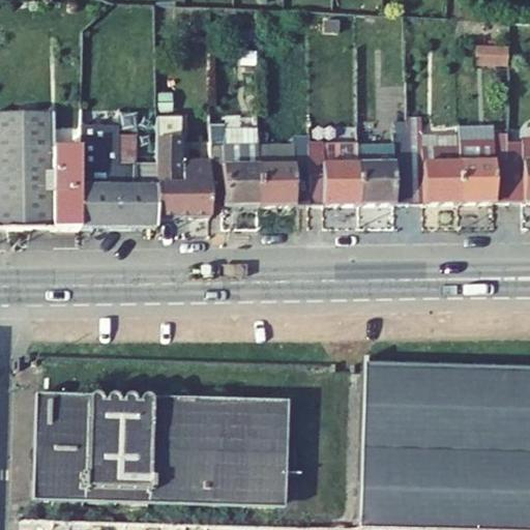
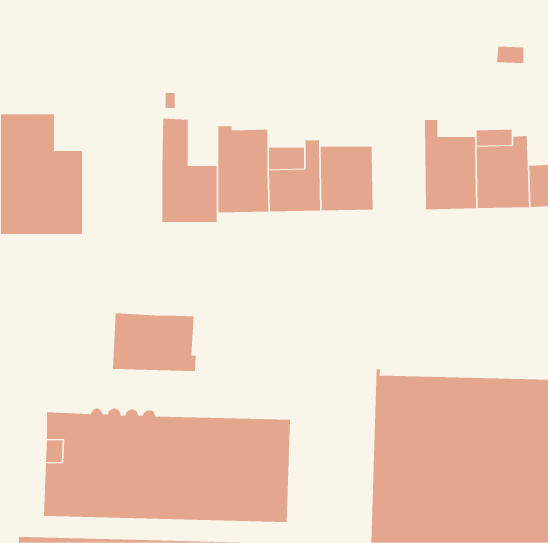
building: [82,109,157,226] -> none
building: [360,118,411,202] -> none
building: none -> [112,312,196,372]

